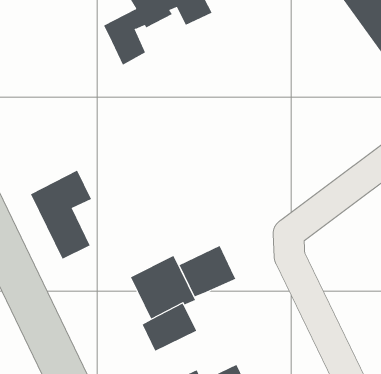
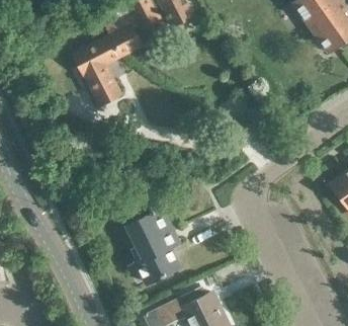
building: [30,170,92,259] -> [72,34,120,105]
building: [179,245,236,297] -> none

